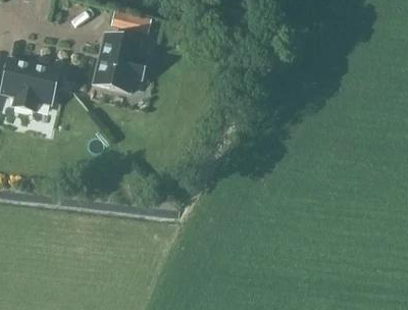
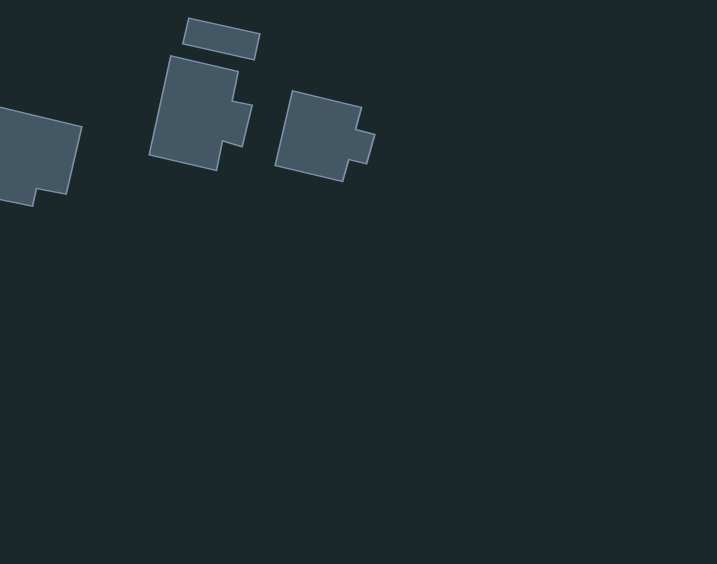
building: none -> [275,91,375,182]

